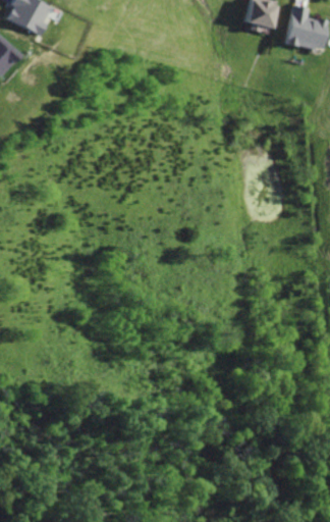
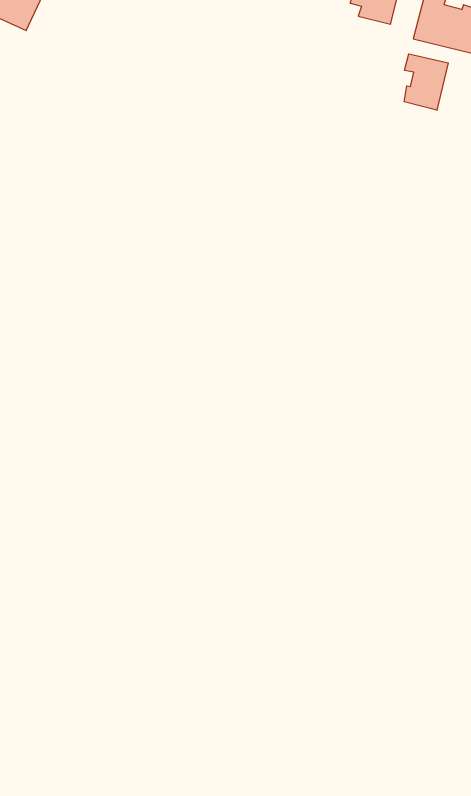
building: none -> [404,54,448,110]

